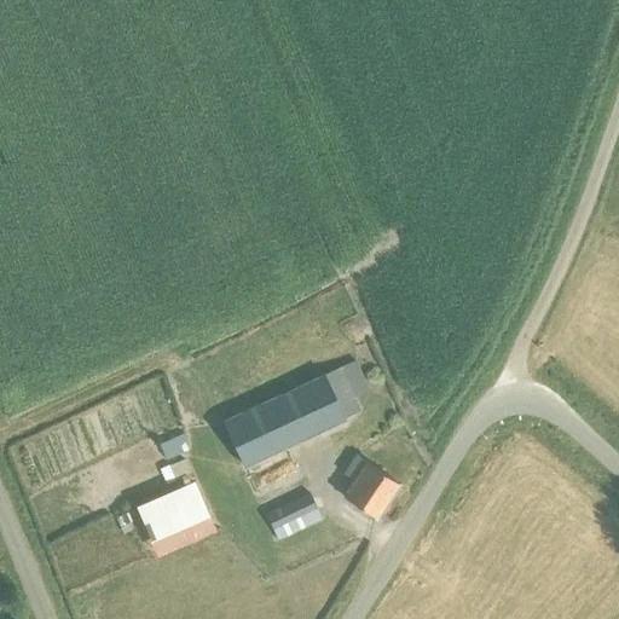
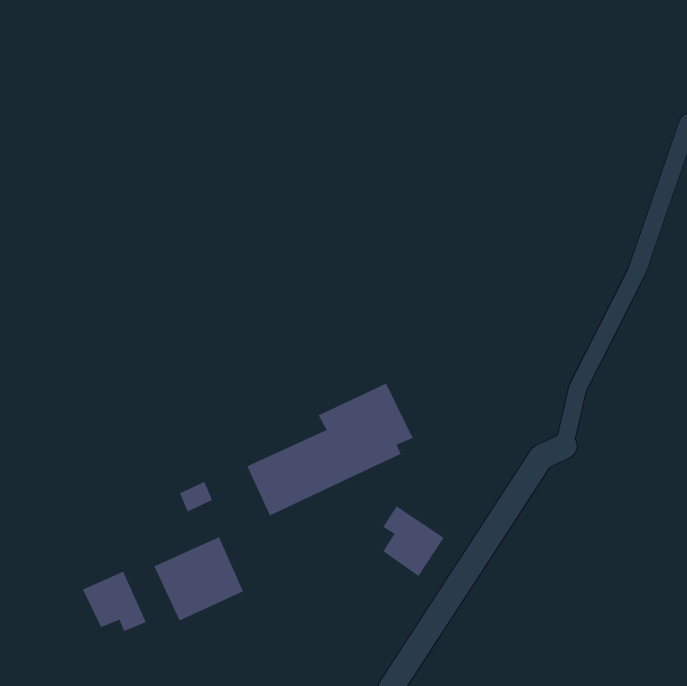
building: [266,494,322,538] -> none
building: none -> [82,571,147,632]

